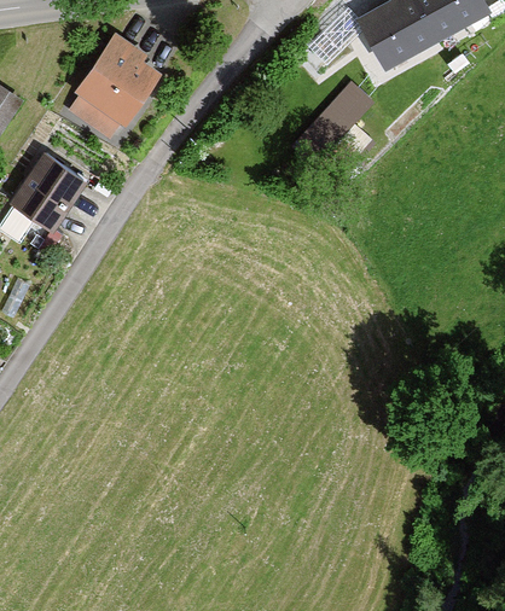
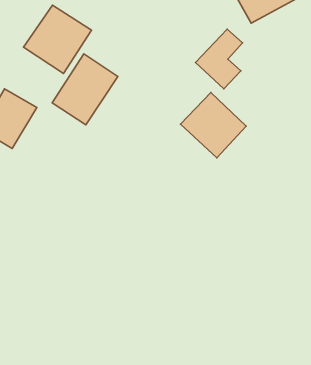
building: none -> [52,54,118,125]
building: none -> [180,93,246,158]

